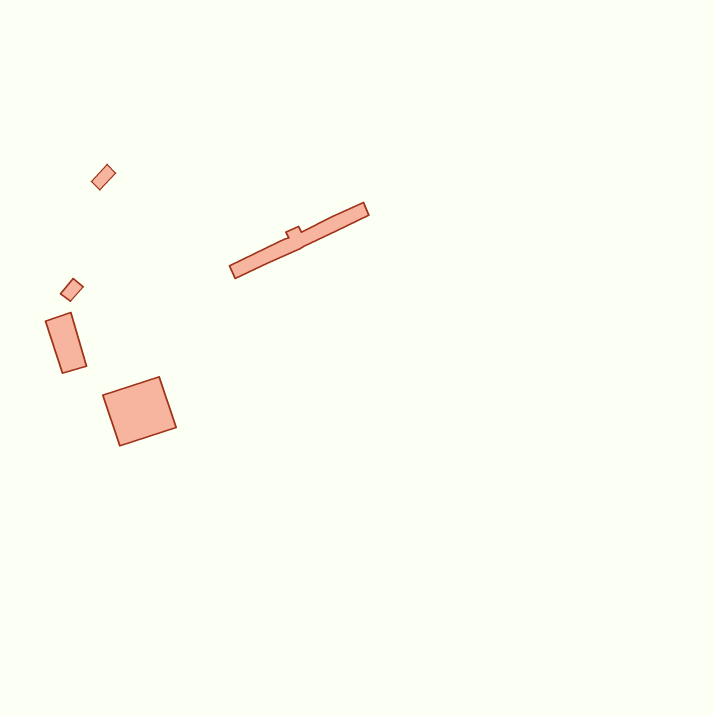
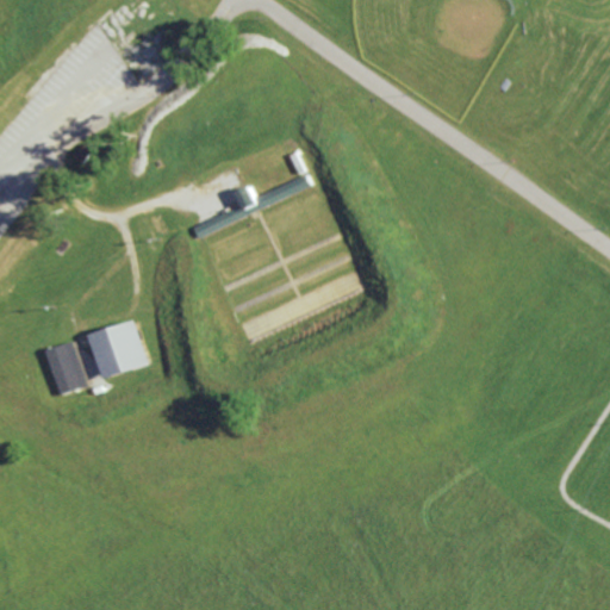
building: [46,313,86,373] -> [46,342,81,393]

